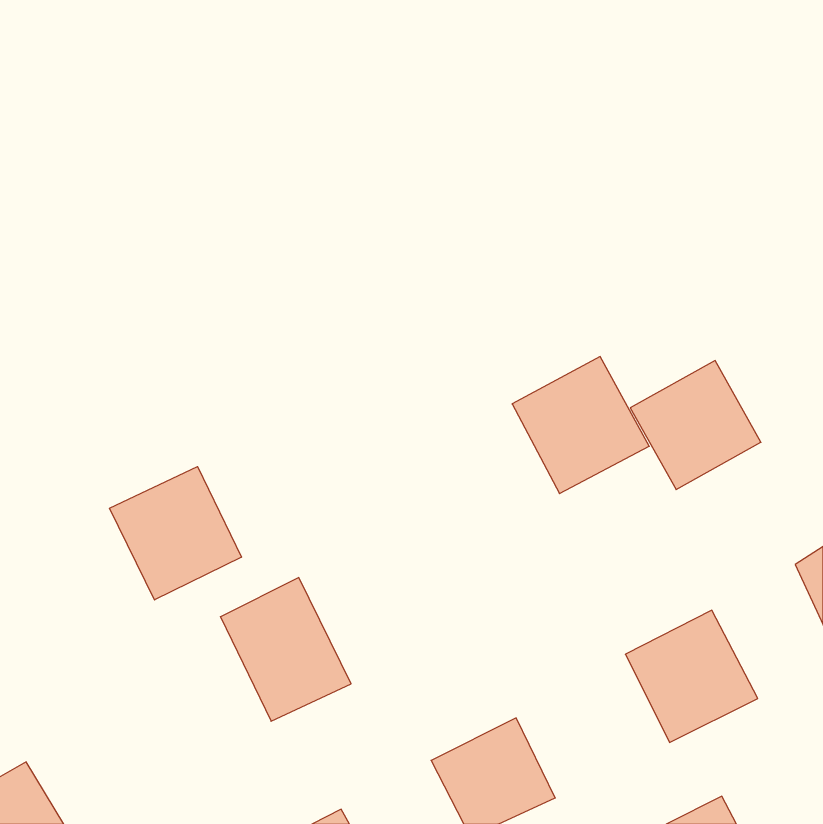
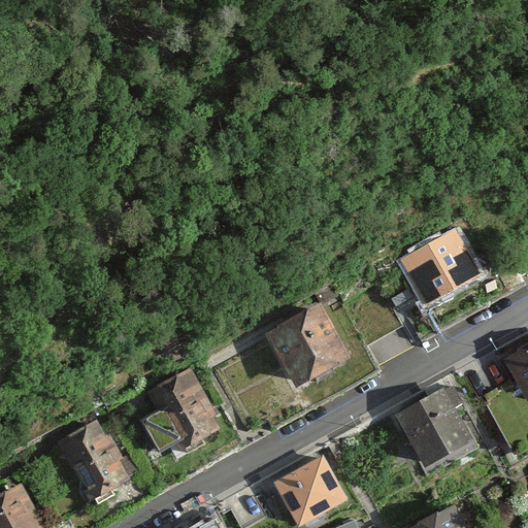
building: [512,357,649,494] -> [267,303,354,390]
building: [109,467,241,600] -> none
building: none -> [54,417,136,504]

